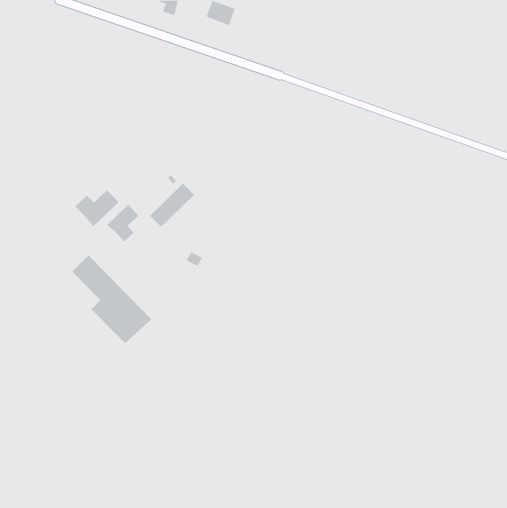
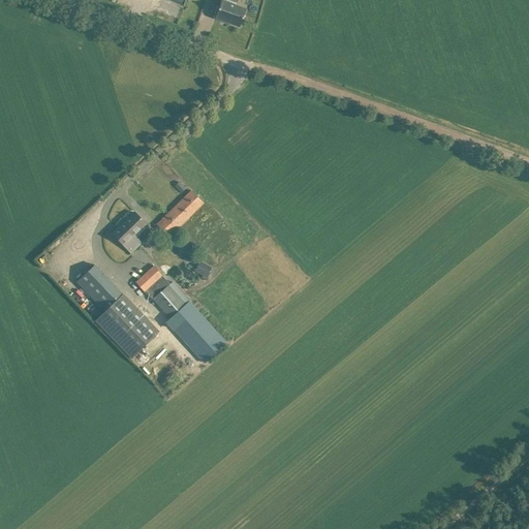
building: [74,189,120,227] -> none
building: none -> [134,266,225,363]

